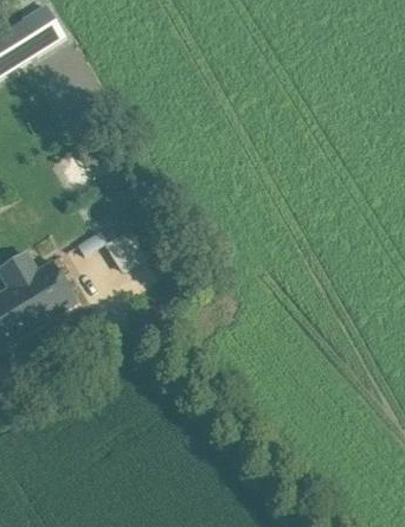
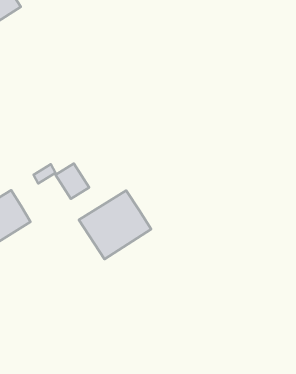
building: none -> [79,190,151,259]

